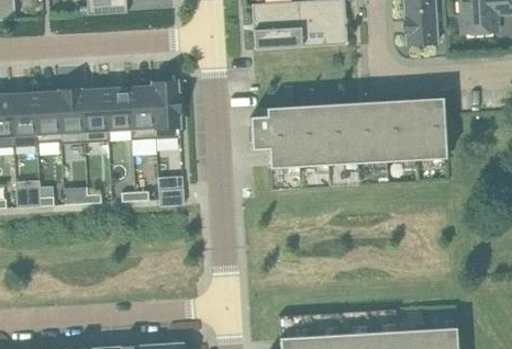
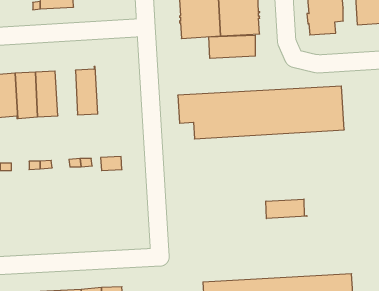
building: none -> [209,35,255,58]
building: [153,81,181,138] -> none
building: [105,87,132,140] -> none
building: none -> [266,199,307,219]

